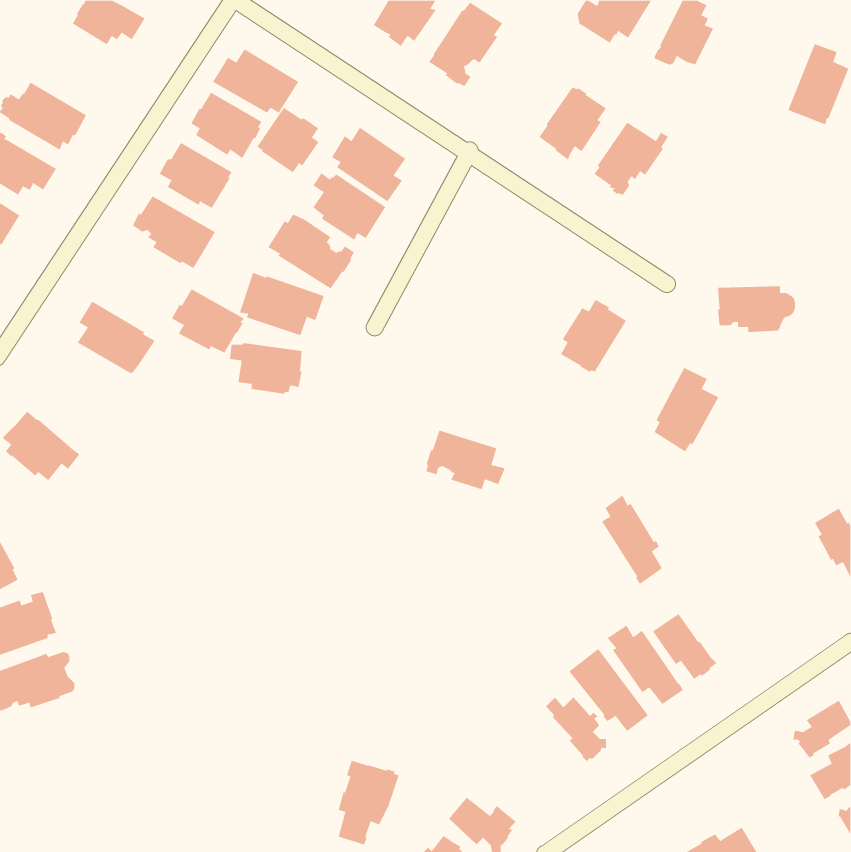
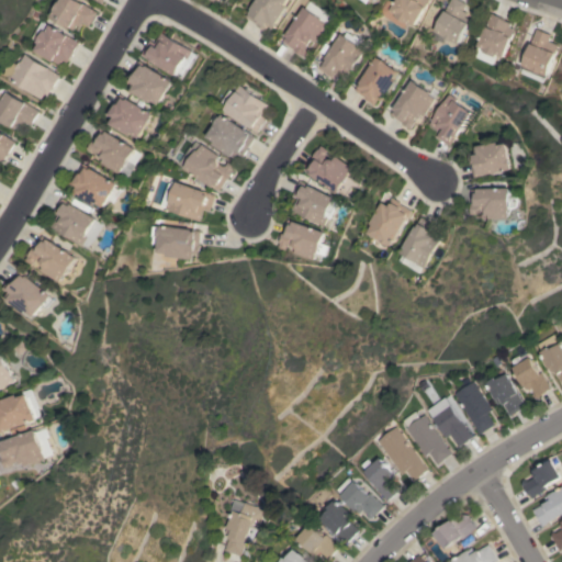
building: none -> [472,13,514,66]
building: none -> [27,22,77,66]
building: none -> [317,33,366,80]
building: [256,107,319,173] -> none
building: none -> [428,94,472,147]
building: none -> [469,143,514,178]
building: none -> [303,146,361,196]
building: none -> [292,181,339,226]
building: [171,288,245,354] -> [68,165,116,207]
building: none -> [24,237,76,283]
building: [654,367,719,452] -> [400,217,442,273]
building: [425,430,506,490] -> [279,221,331,260]
building: [601,495,663,585] -> [451,376,492,436]
building: none -> [510,358,550,398]
building: none -> [483,374,524,416]
building: none -> [337,481,382,519]
building: none -> [318,501,358,544]
building: none -> [431,515,475,550]

